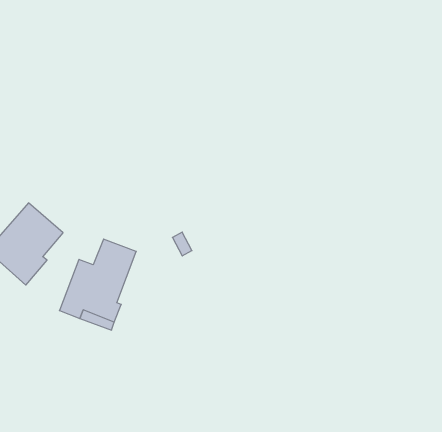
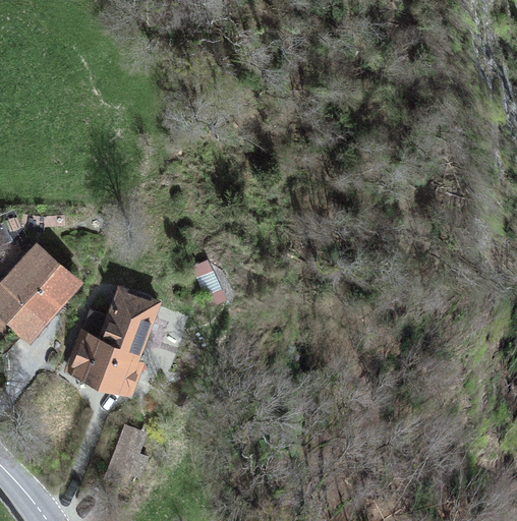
building: none -> [104,429,140,482]

